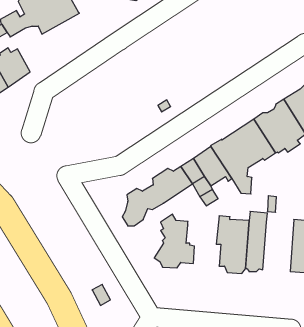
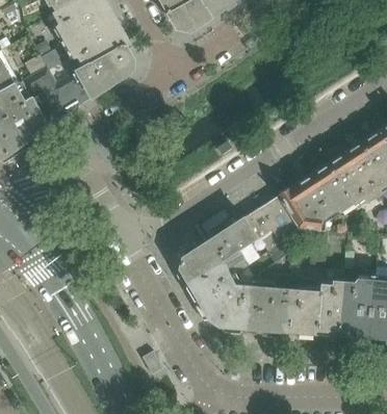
building: none -> [57,44,132,110]
building: none -> [191,248,253,322]
building: none -> [251,274,290,337]
building: none -> [338,278,373,340]

